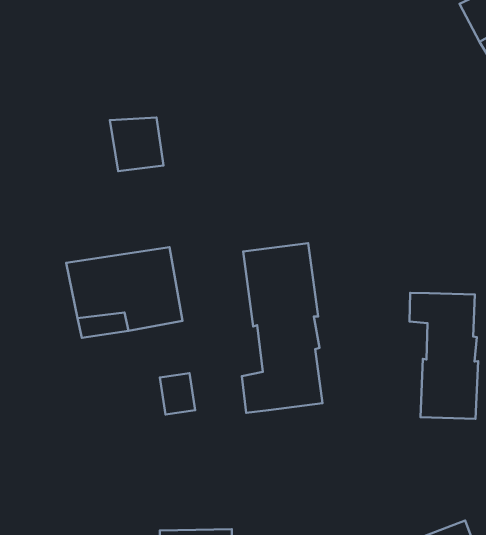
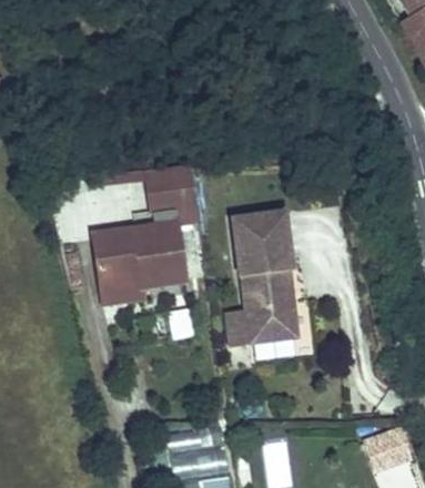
building: [110,117,164,171] -> [156,166,199,209]
building: [410,293,478,419] -> none

